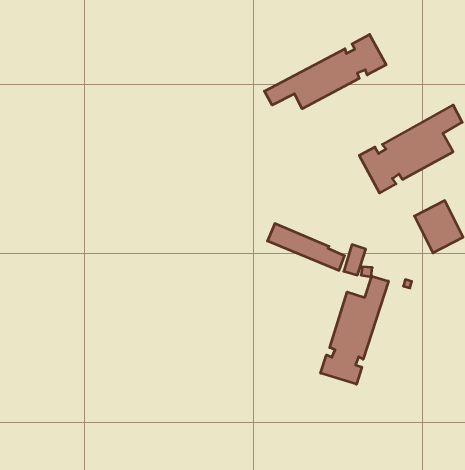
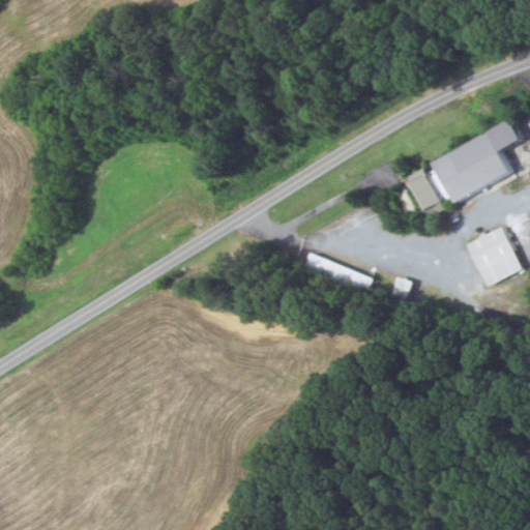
building: [264,34,386,109] -> none
building: [321,276,388,384] -> none

